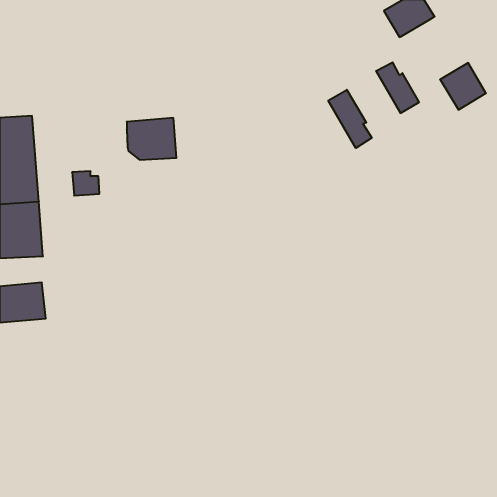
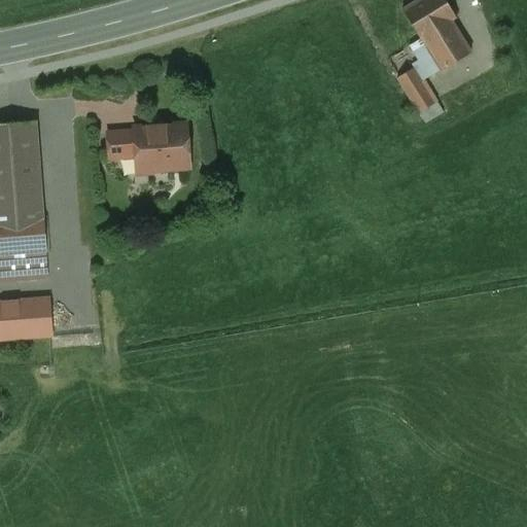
building: [440,63,486,110] -> [424,21,472,70]
building: [328,90,372,148] -> none
building: [72,171,99,196] -> [106,132,135,157]

